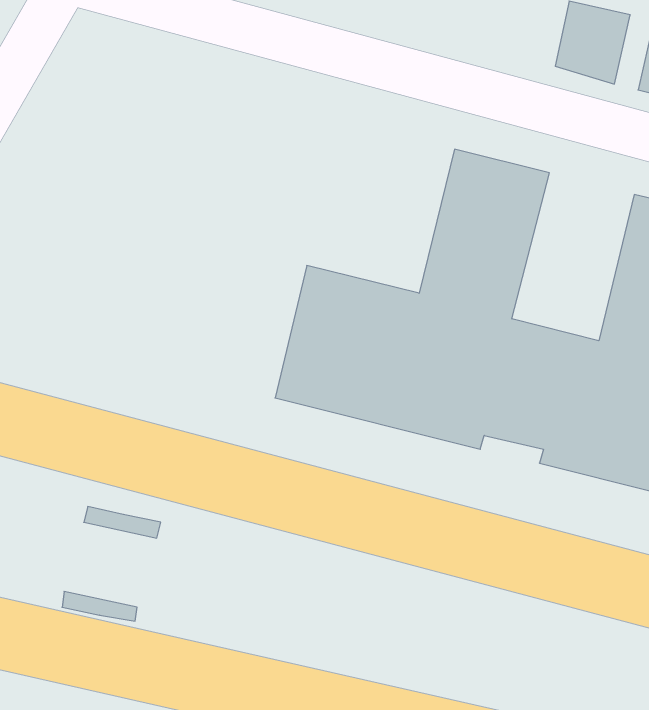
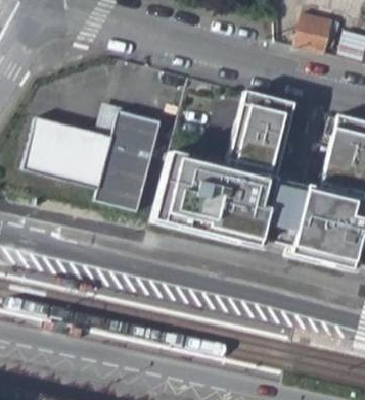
building: none -> [24,111,159,211]

